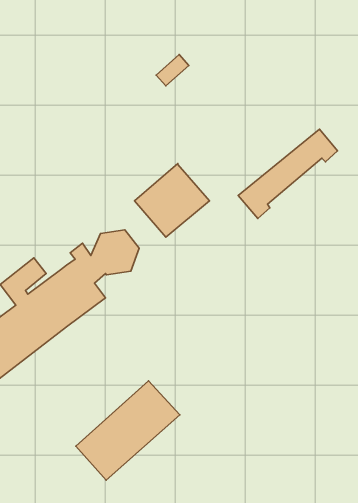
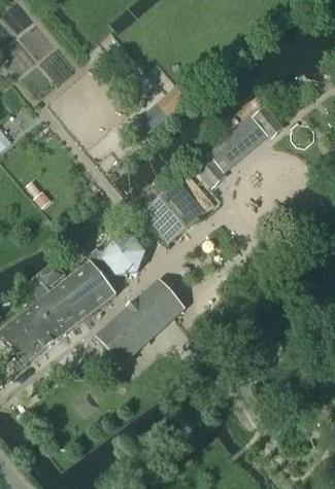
building: [238,129,338,219] -> [196,106,280,182]
building: [76,381,180,480] -> [96,279,185,363]

